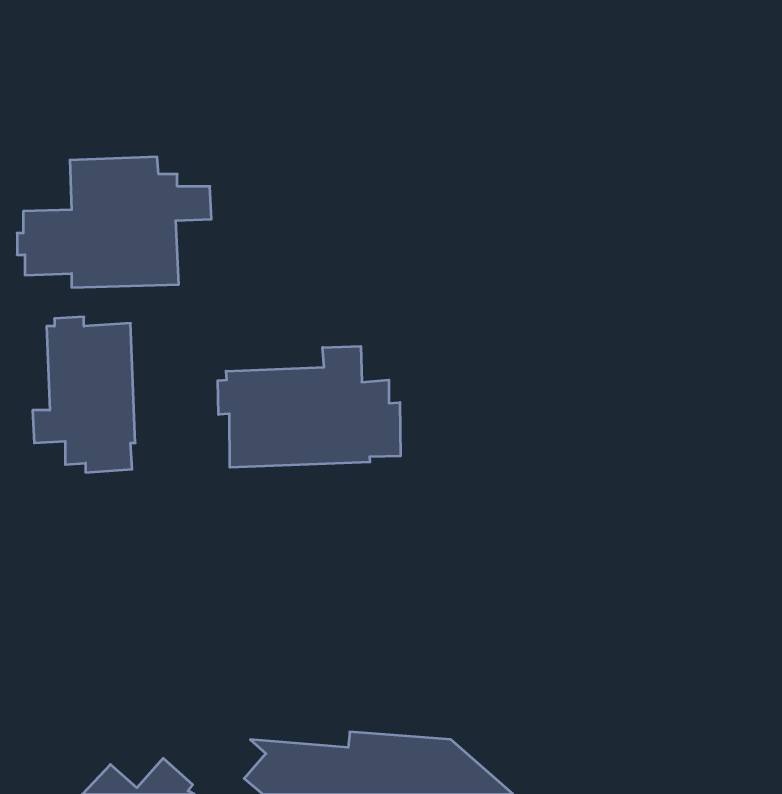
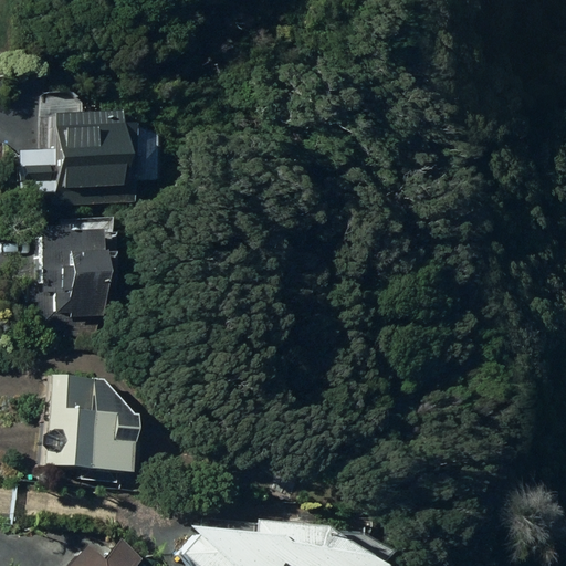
building: [218,346,400,467] -> none
building: none -> [44,375,138,471]

